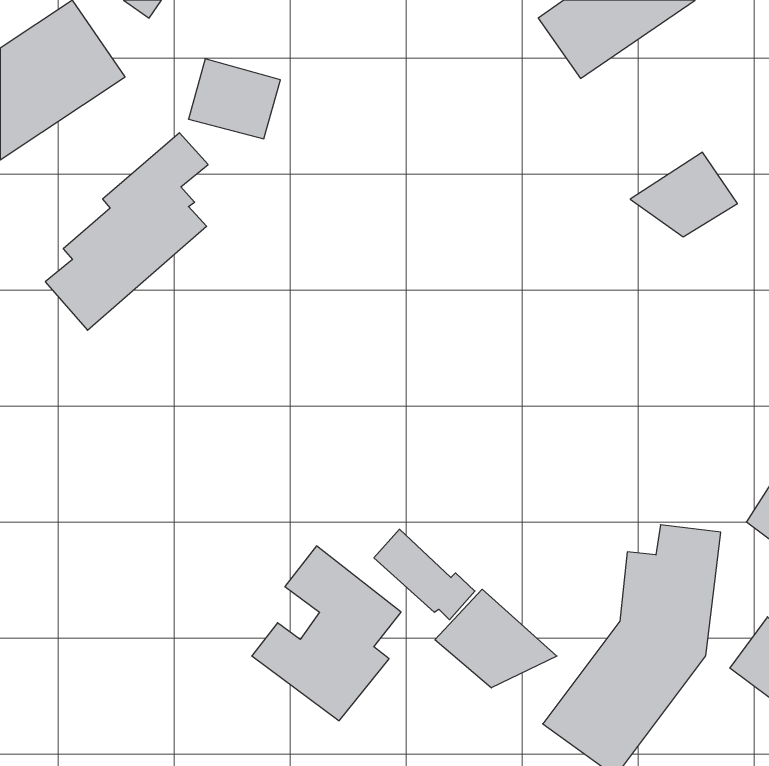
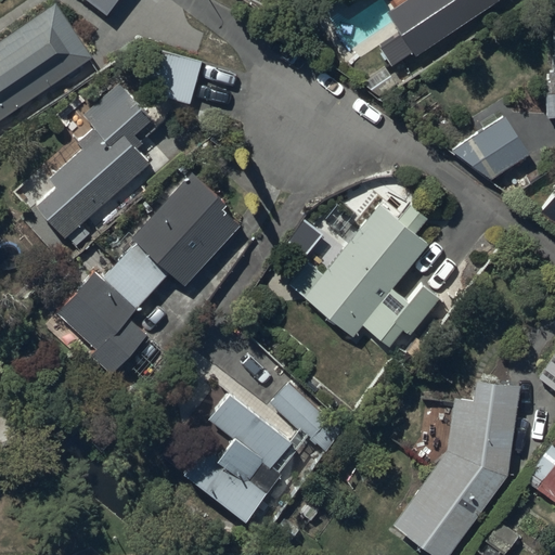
building: none -> [55,169,244,373]
building: none -> [289,204,438,346]
building: [435,589,557,688] -> none

